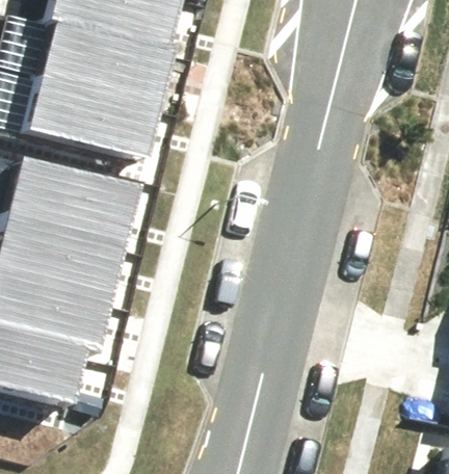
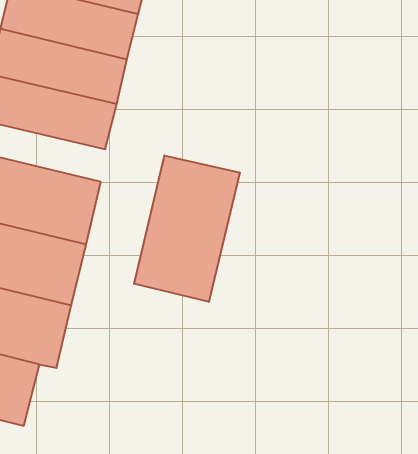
building: none -> [134,155,240,302]

